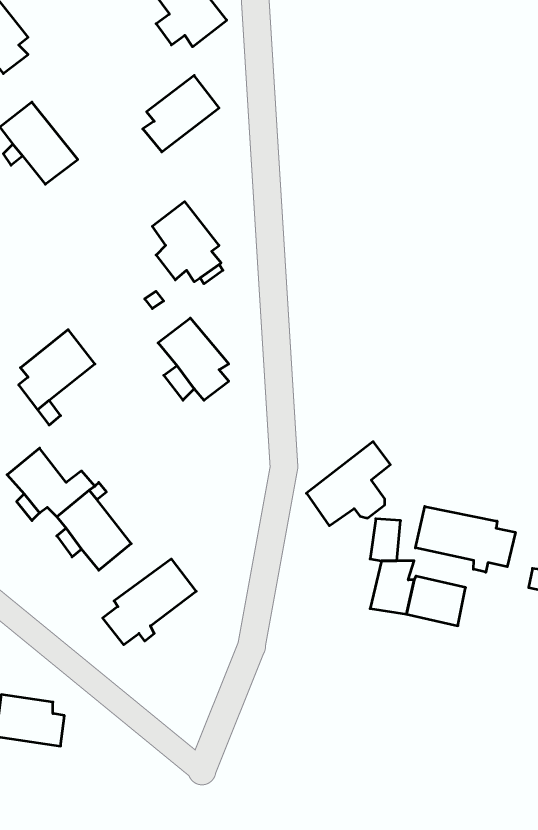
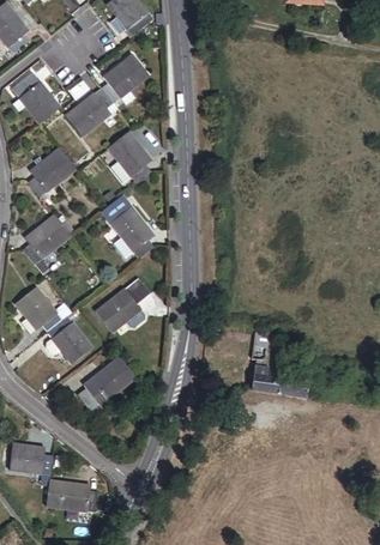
building: none -> [66,87,117,135]
building: none -> [26,147,76,196]
building: [306,442,390,526] -> [96,278,149,331]
building: [415,506,515,572] -> none
building: none -> [46,479,96,513]

